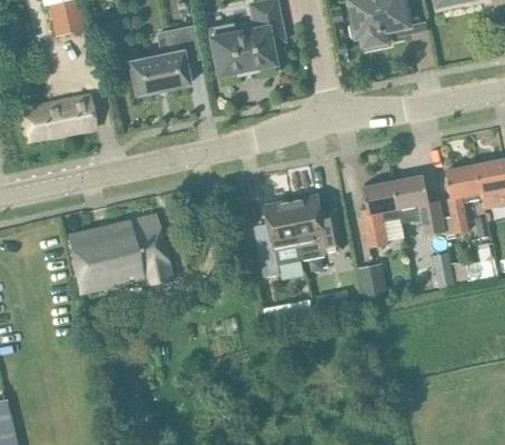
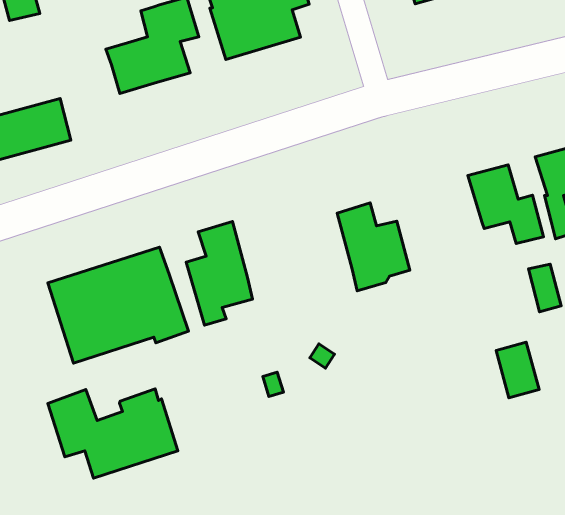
building: [360,180,400,248] -> none
building: [254,200,301,277] -> [186,222,252,325]
building: [358,263,388,304] -> [496,342,539,398]
building: none -> [48,389,178,478]

